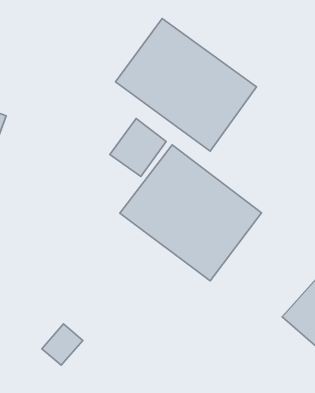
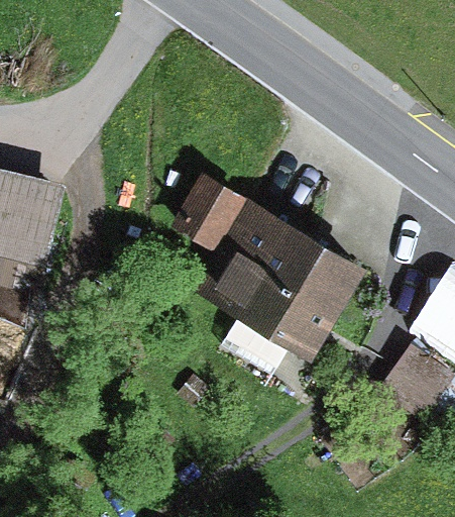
building: [116,18,257,151] -> none

